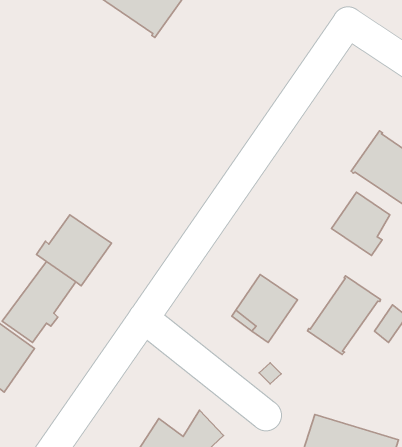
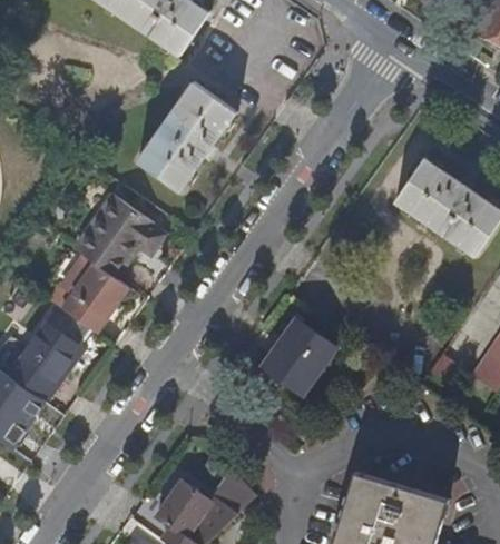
building: none -> [136,82,239,194]
building: none -> [78,195,168,275]
building: [331,192,390,256] -> none
building: [307,276,381,355] -> none

